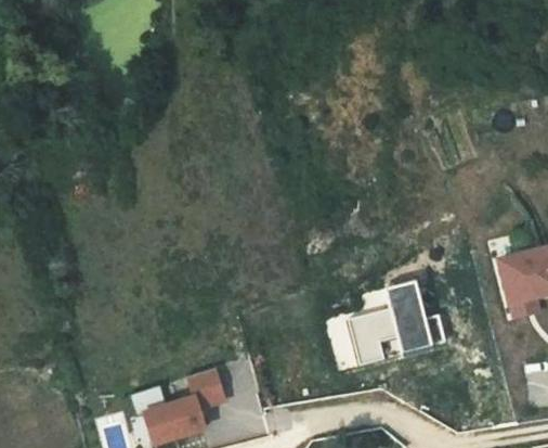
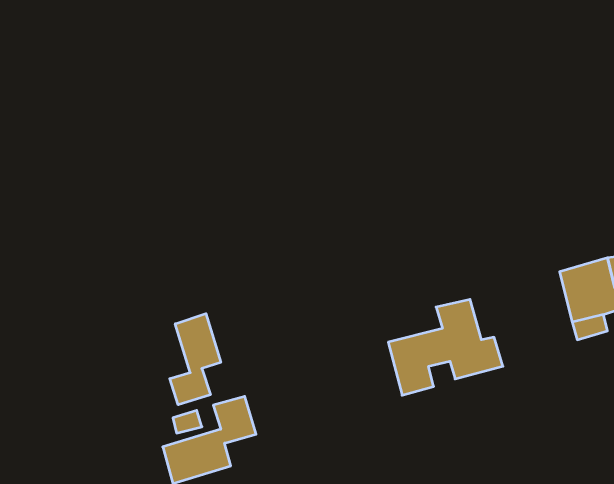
building: none -> [170,314,221,405]

